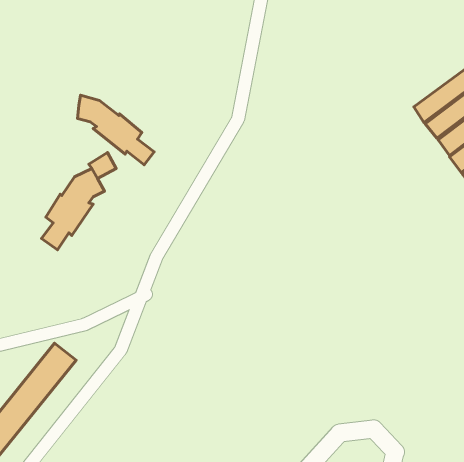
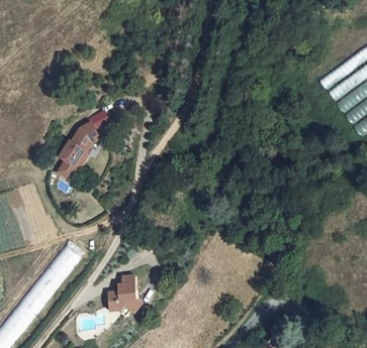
building: [77,95,154,165] -> none
building: none -> [107,276,142,318]

